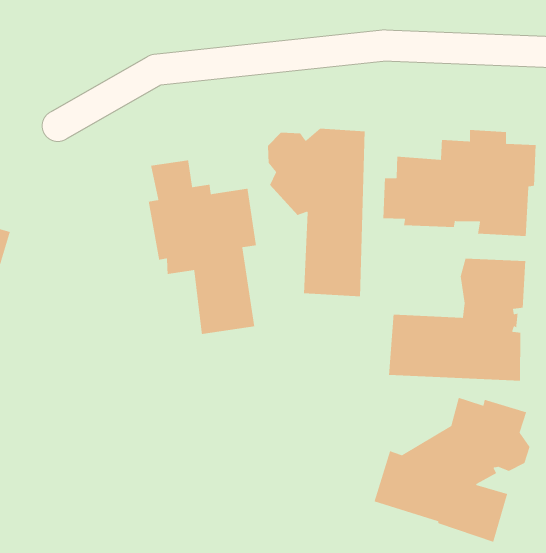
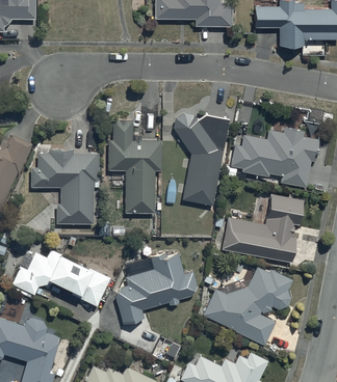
building: none -> [30,147,99,224]
building: none -> [114,253,198,326]
building: none -> [9,249,109,306]

